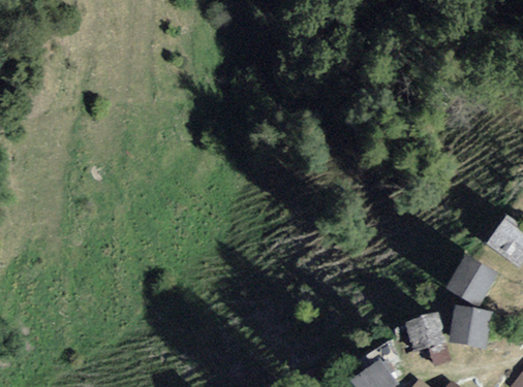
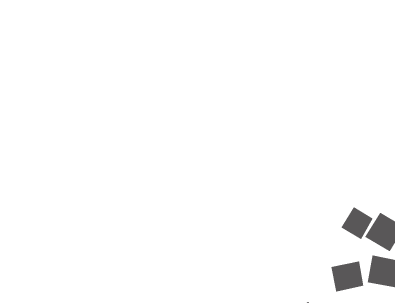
building: none -> [341,206,374,240]

